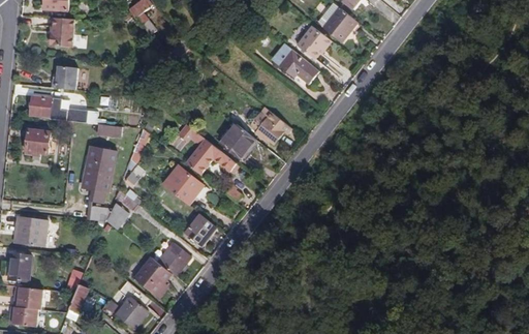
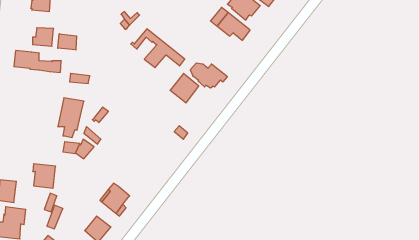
building: none -> [58,34,77,50]
building: [169,126,236,174] -> [131,29,185,68]
building: [25,129,51,155] -> none
building: [162,165,201,204] -> none
building: [184,213,217,247] -> none
building: [19,218,46,248] -> [33,164,56,188]
building: [157,242,189,275] -> none

